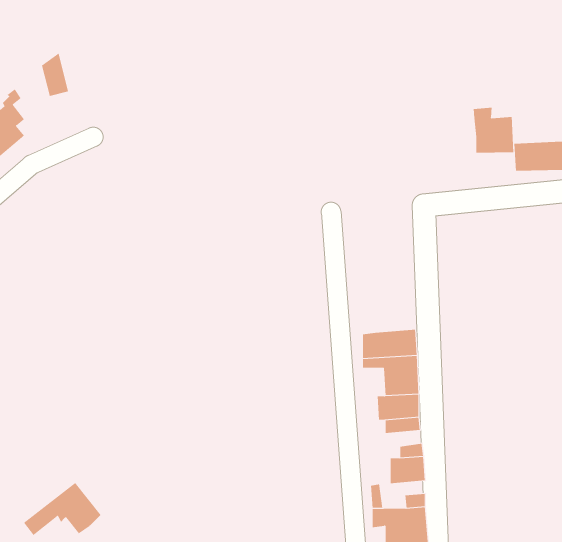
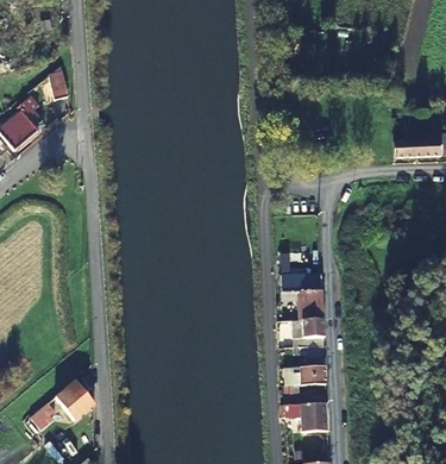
building: [473,107,514,153] -> none

